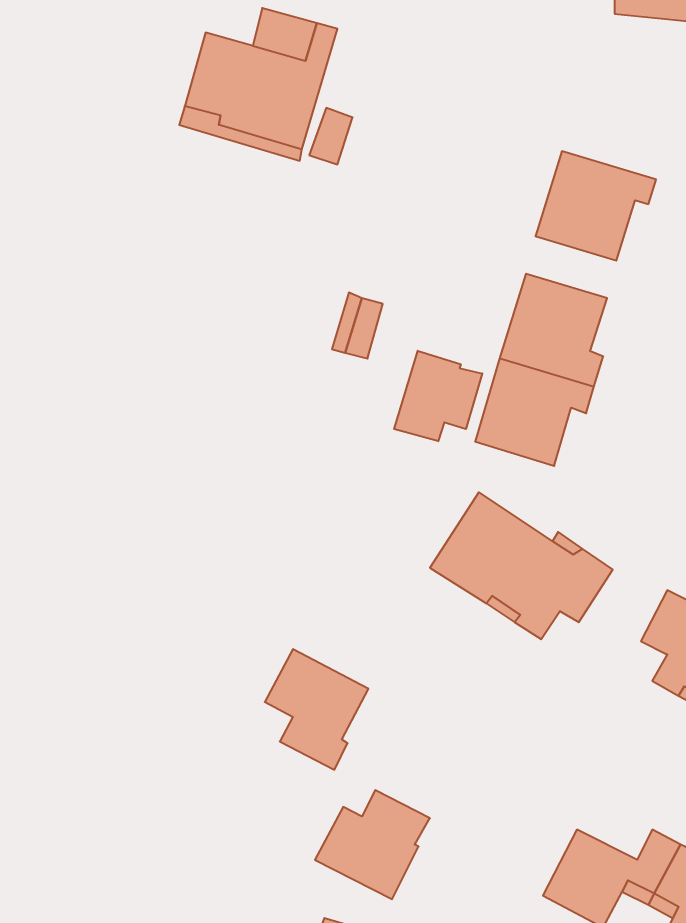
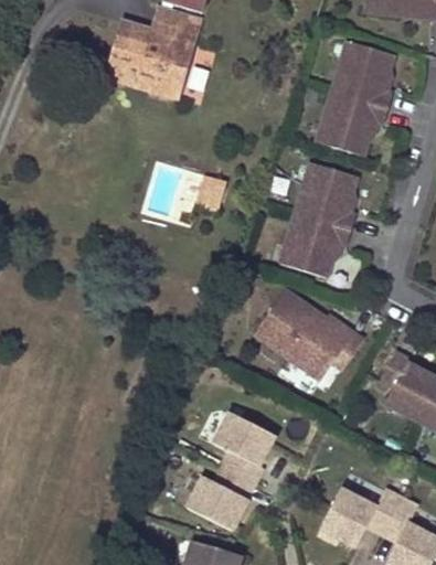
building: none -> [332,42,395,108]
building: [394,351,482,441] -> none
building: [265,649,368,770] -> [214,412,275,482]

